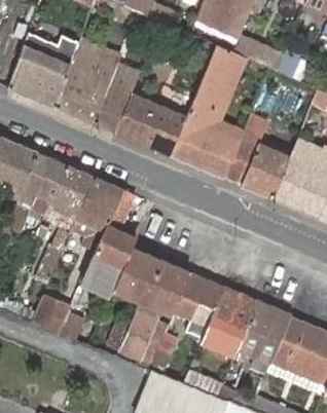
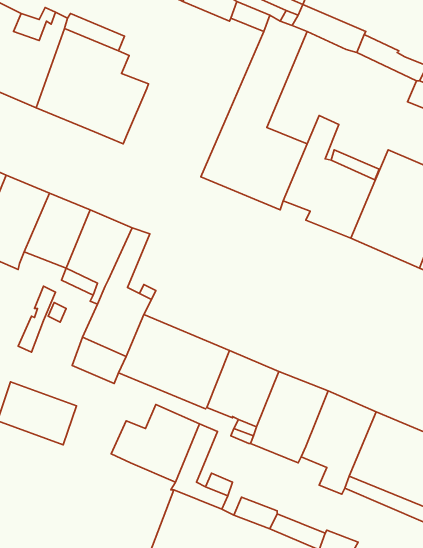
building: [116,93,186,154] -> none

